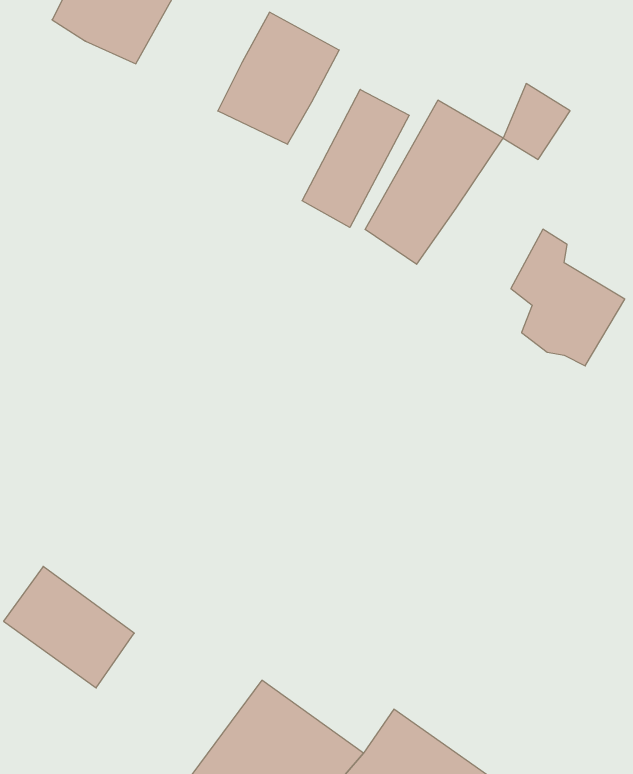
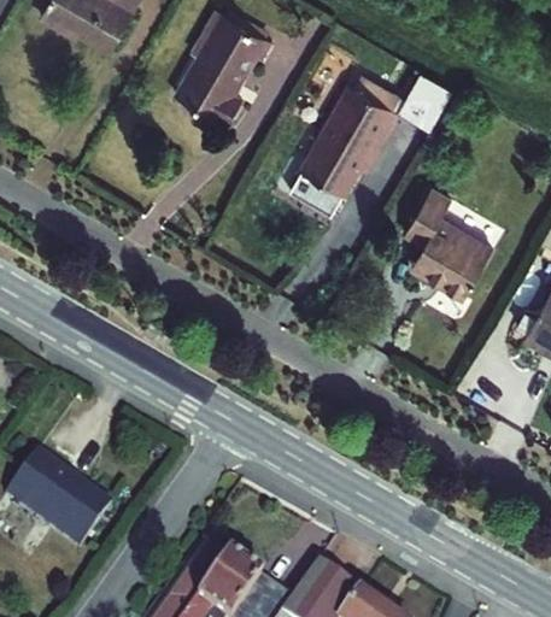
building: [302,89,409,227] -> none

